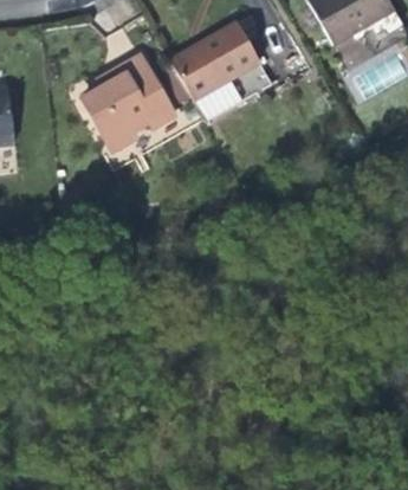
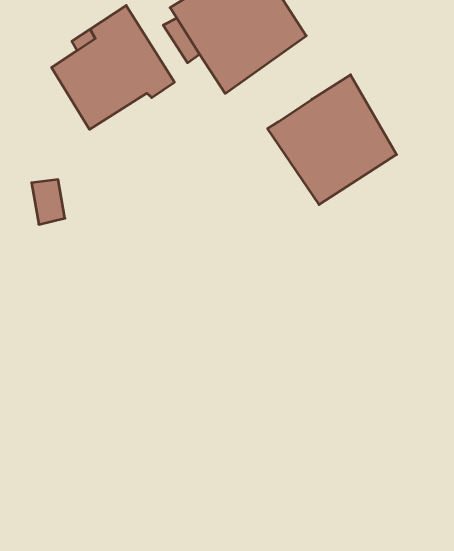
building: none -> [268,75,397,205]

